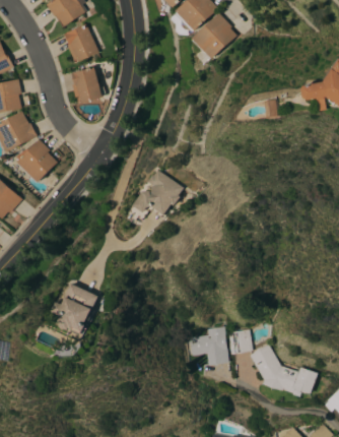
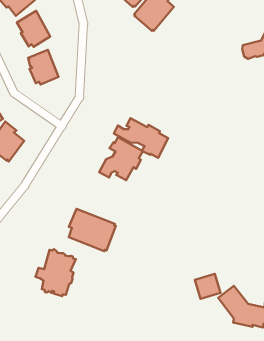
building: none -> [114,118,168,158]
building: none -> [69,209,116,251]
building: [187,326,227,366] -> none

